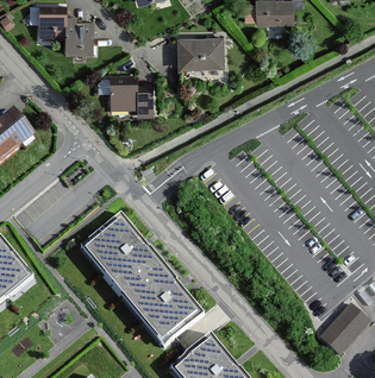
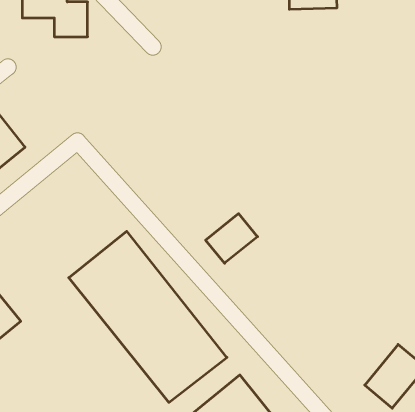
building: [177,37,220,65] -> none
building: [96,76,151,109] -> none
building: none -> [206,214,258,263]

